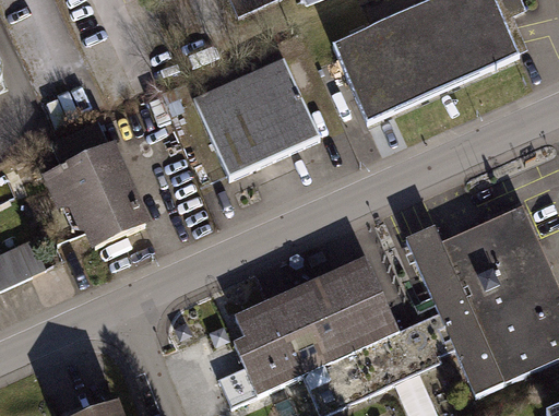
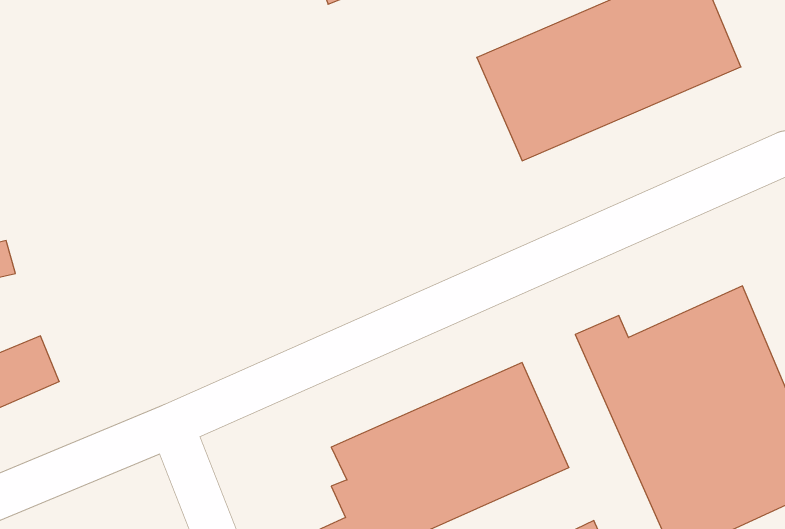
building: [192,56,319,177] -> none
building: [46,142,151,252] -> none

